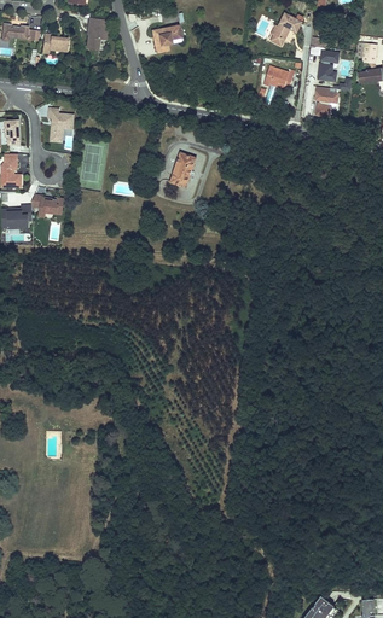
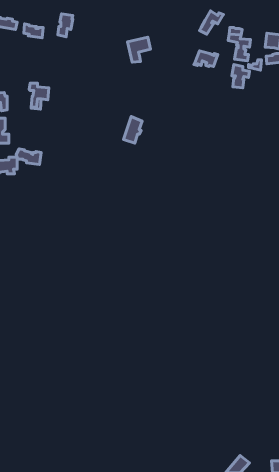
building: [152,22,182,54] -> [127,37,151,62]

